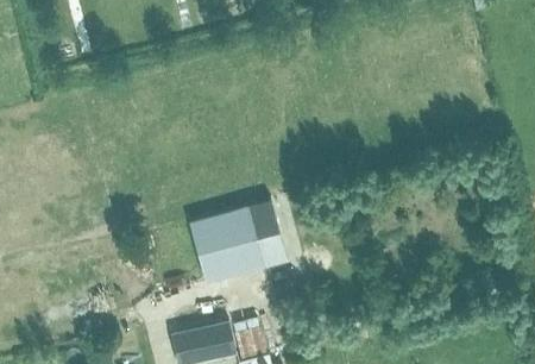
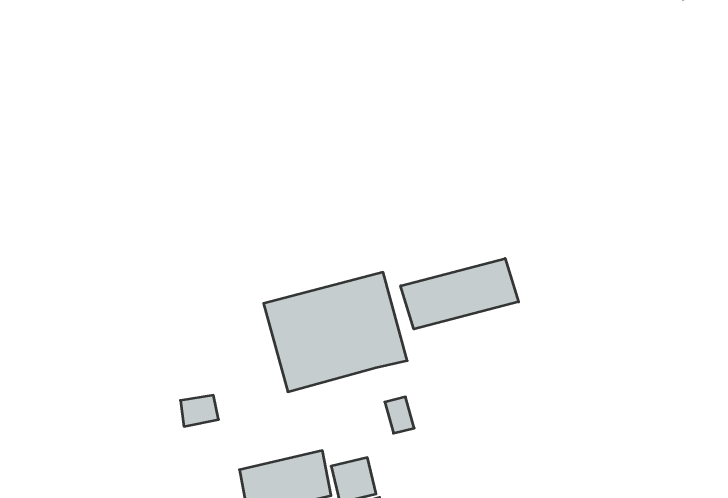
building: none -> [401,258,519,329]

